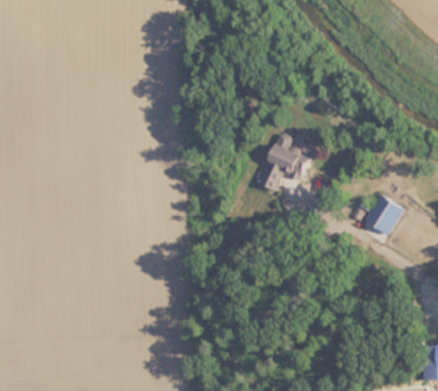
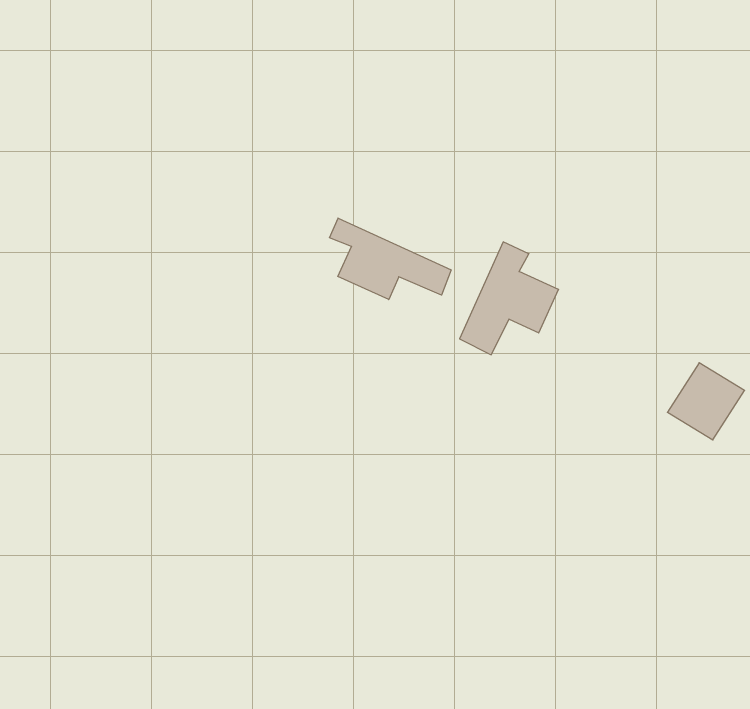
building: none -> [329,218,451,300]

